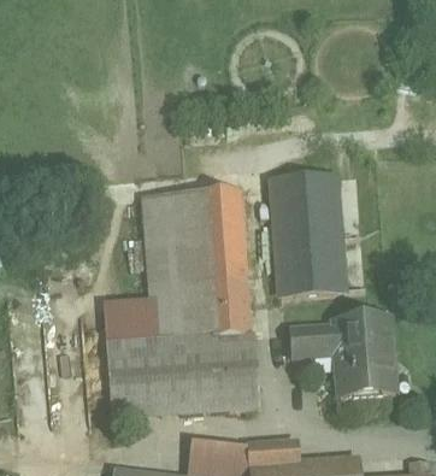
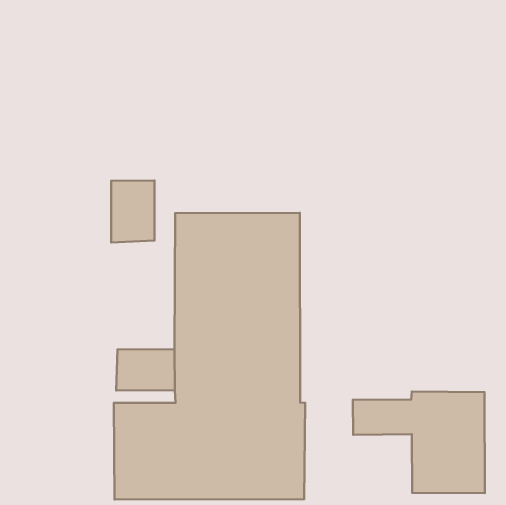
building: none -> [111,180,155,243]
building: [276,180,344,290] -> none

